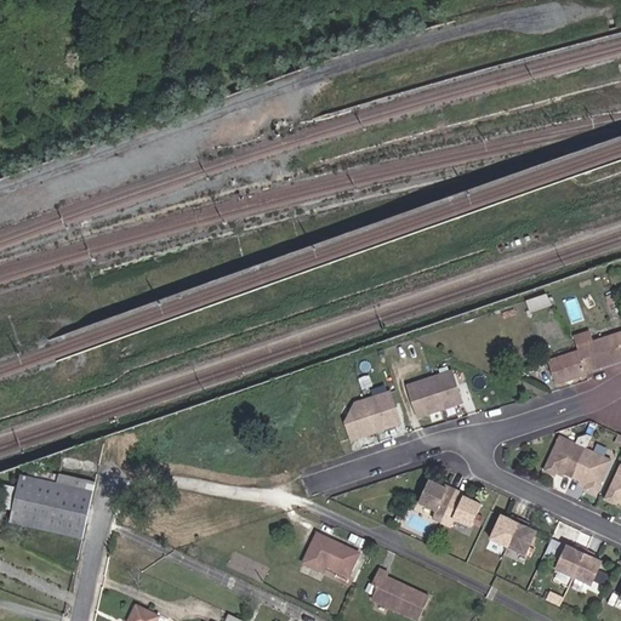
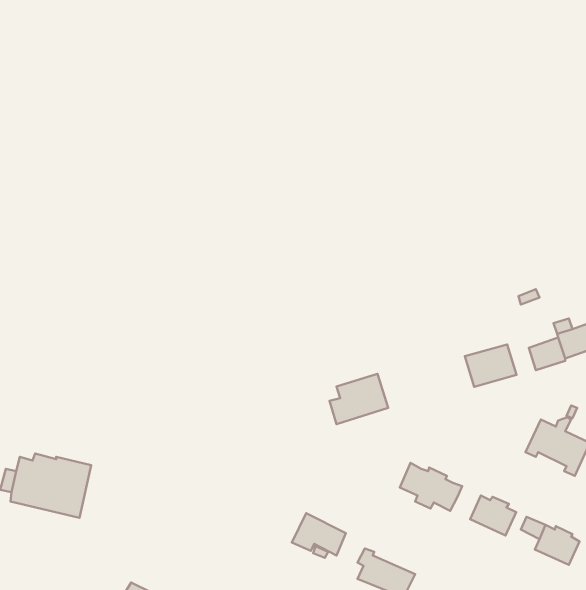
building: [410,372,463,416] -> [465,345,516,387]

